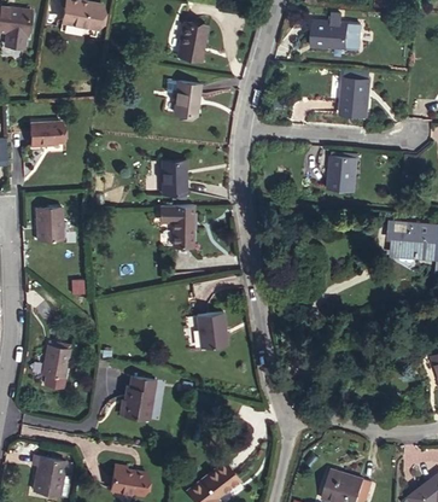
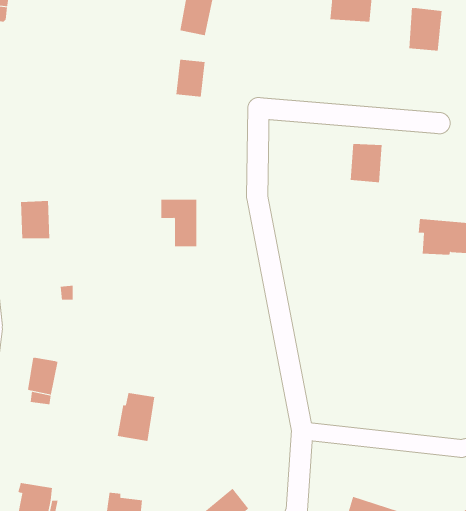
building: [340,77,370,116] -> [409,8,443,51]
building: [30,122,62,146] -> none
building: [162,160,186,194] -> none
building: [197,311,227,349] -> none

